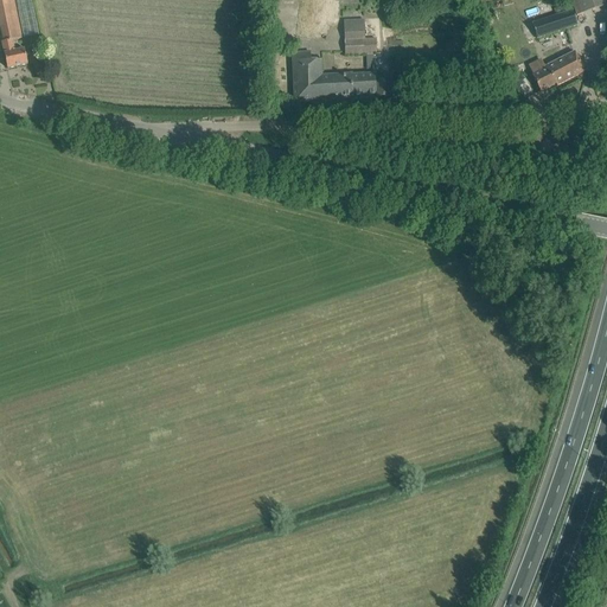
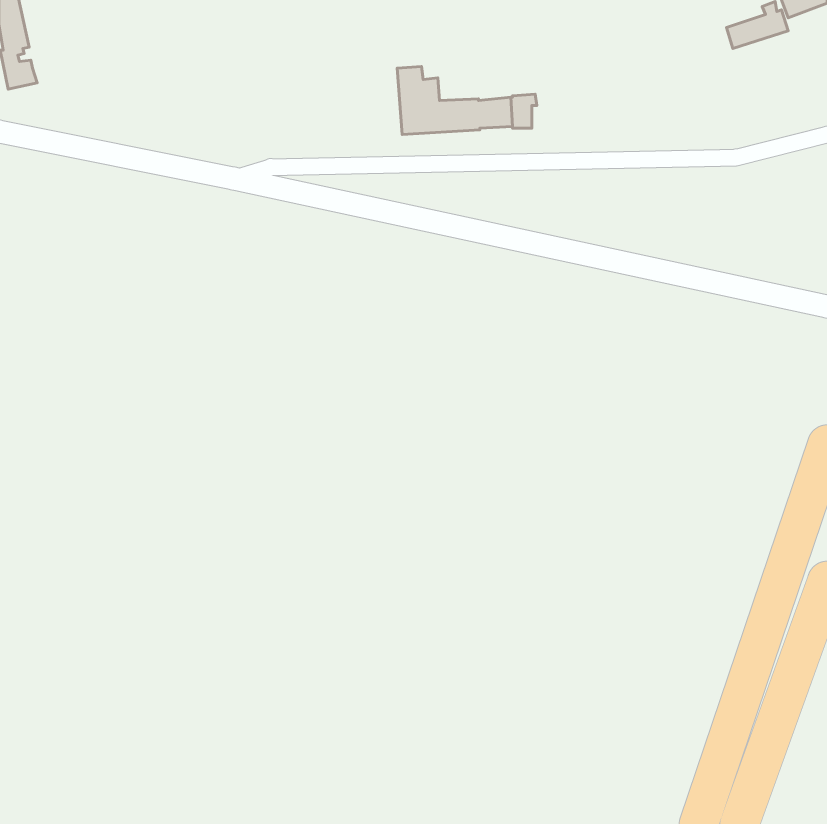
building: [344,17,376,52] -> none
building: [531,49,583,89] -> none

